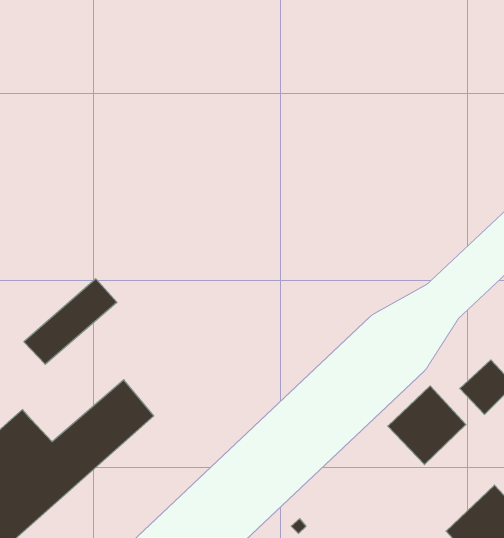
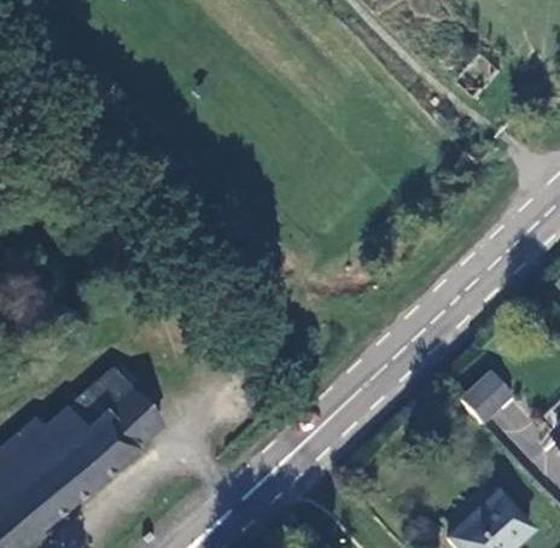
building: [24,279,117,364] -> [41,369,132,453]
building: [388,386,466,465] -> none

